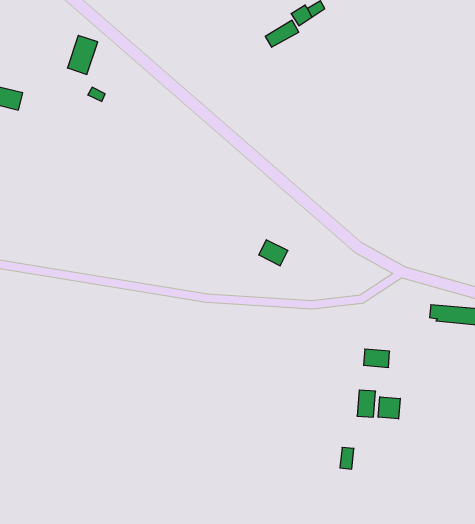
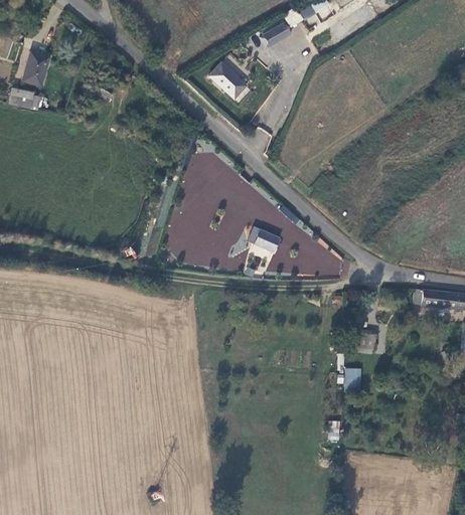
building: [67,35,98,74] -> [21,48,49,84]
building: none -> [208,63,247,100]
building: [378,397,400,419] -> none

